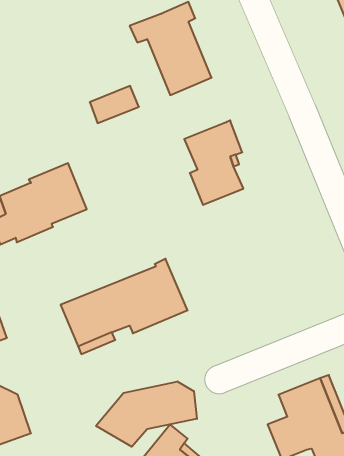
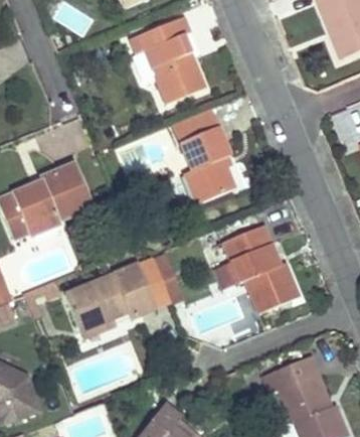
building: [90,86,139,123] -> [172,106,217,140]
building: none -> [217,225,300,312]
building: [96,381,197,447] -> none

